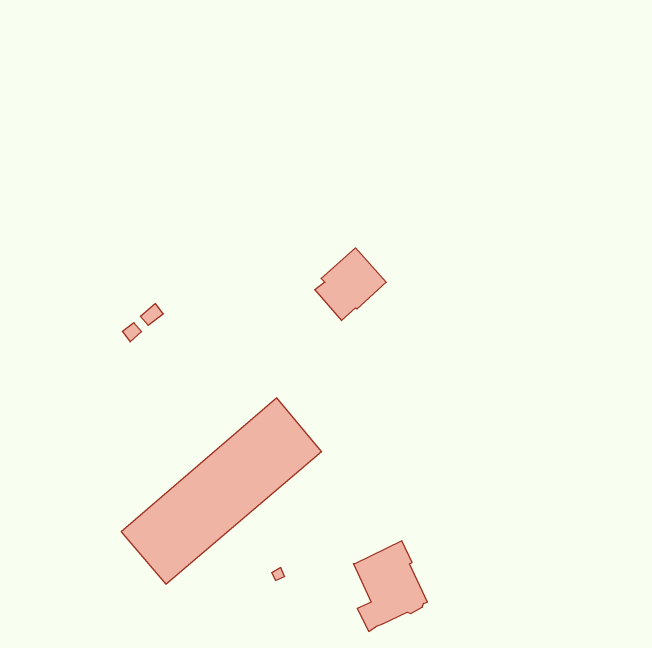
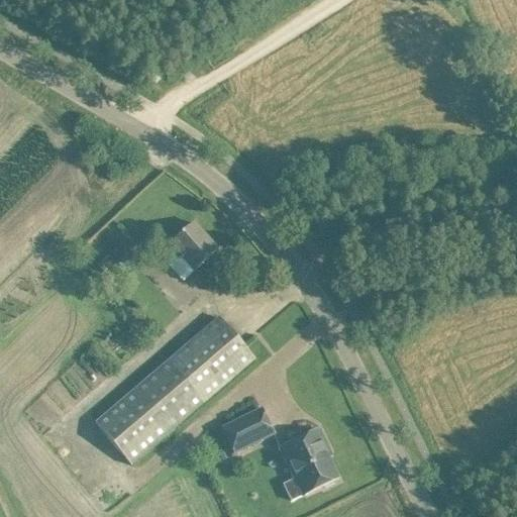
building: [315,248,386,321] -> [161,220,217,278]
building: none -> [223,407,274,451]

